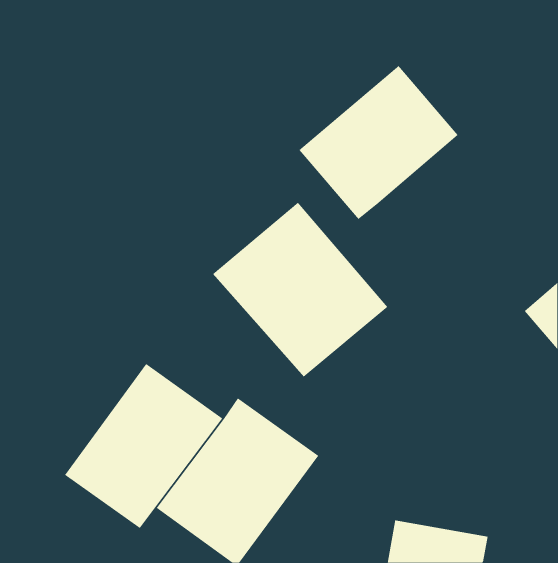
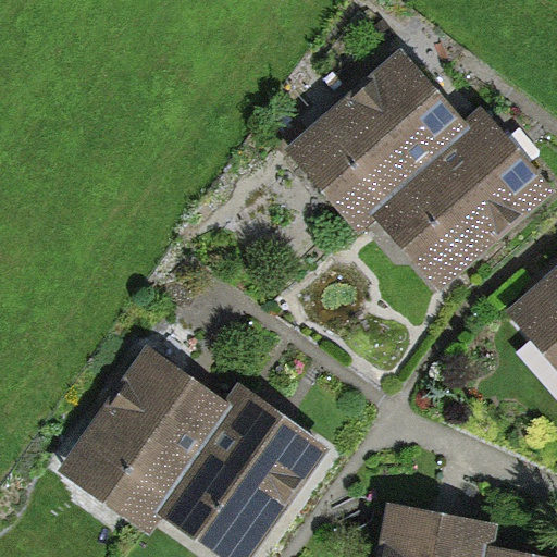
building: none -> [373,116,533,273]
building: [212,202,388,378] -> none

